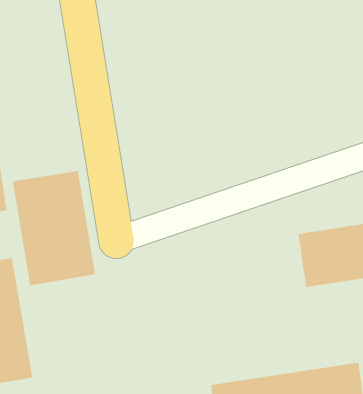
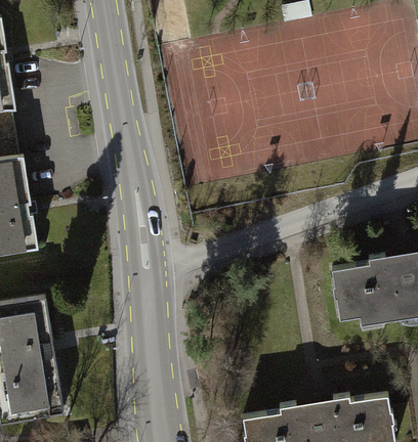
building: [12,170,96,286] -> none

